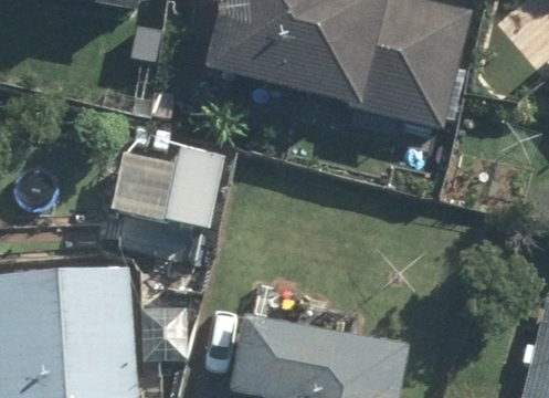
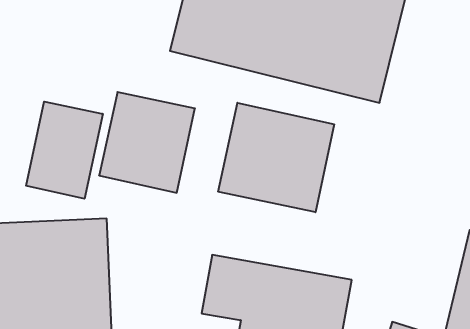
building: none -> [26,102,103,199]
building: none -> [218,103,334,212]

